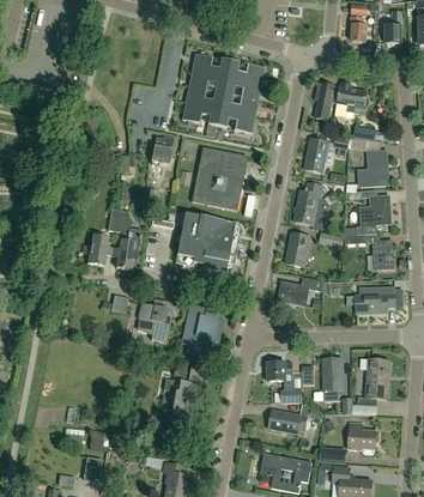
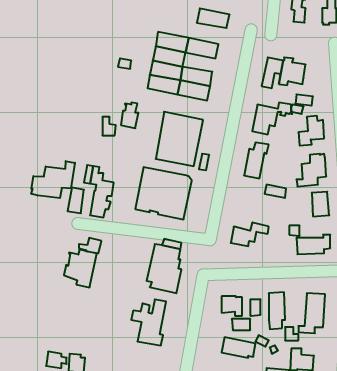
building: [223,77,261,99] -> [197,8,230,28]
building: none -> [31,161,75,198]
building: [286,232,310,266] -> none
building: [135,298,174,343] -> [64,250,97,287]

